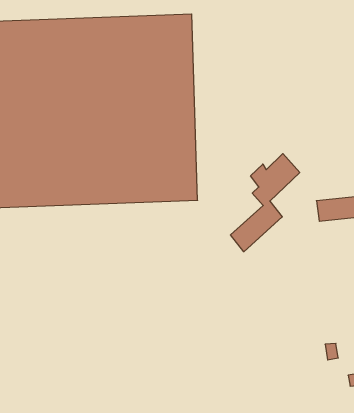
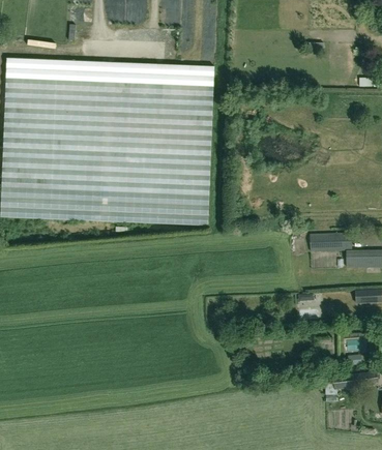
building: [230,154,300,252] -> none

